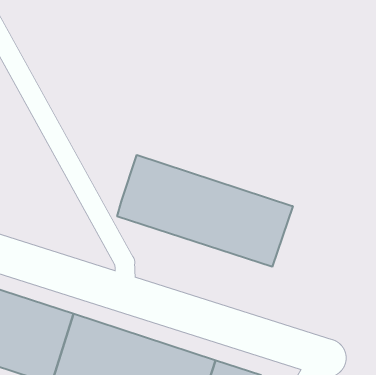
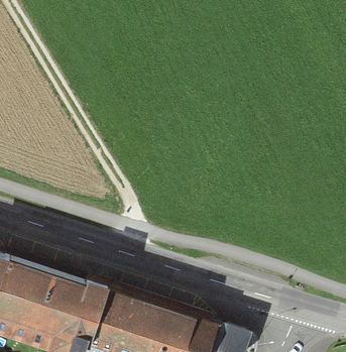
building: [117,155,293,267] -> none

